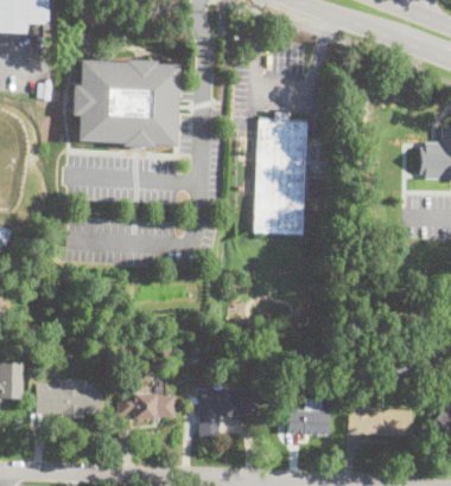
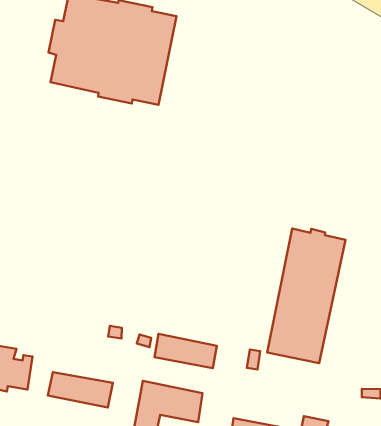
building: [254,117,307,235] -> [267,229,346,363]
building: none -> [154,334,217,368]

